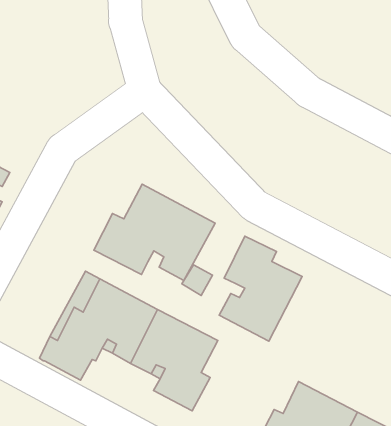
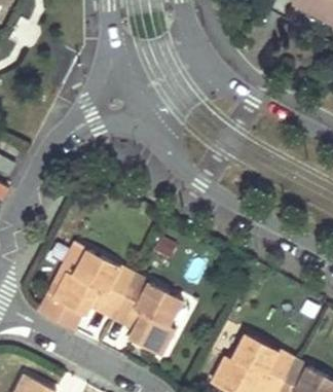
building: [94,184,215,281] -> none
building: [219,236,302,341] -> none

